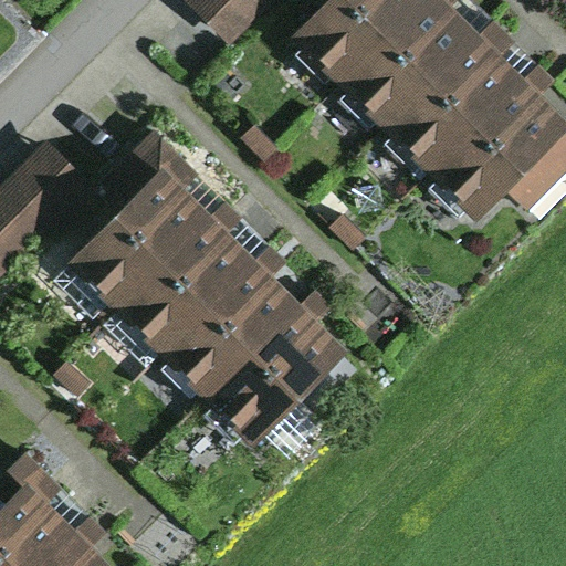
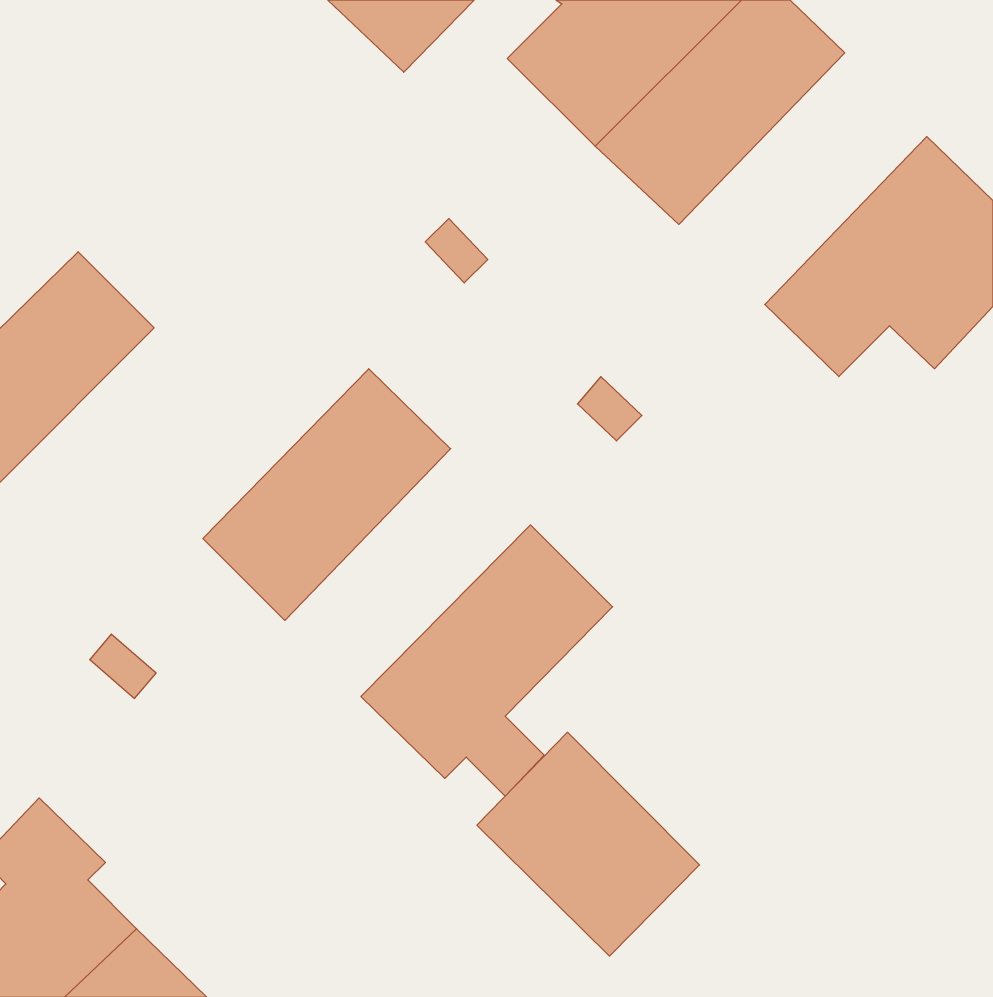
building: [385,30,525,172] -> none
building: [66,128,209,305] -> none
building: [161,254,301,395] -> none
building: none -> [477,732,700,956]

